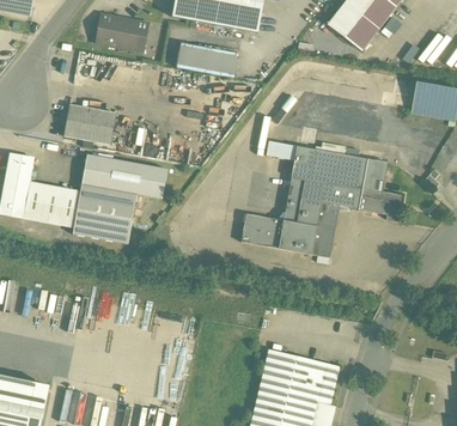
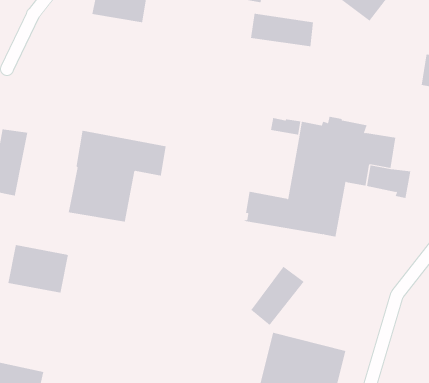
building: [178,44,239,77] -> [250,13,314,47]
building: [63,104,116,144] -> none
building: [23,181,81,227] -> [8,244,69,293]
building: none -> [251,266,304,326]

